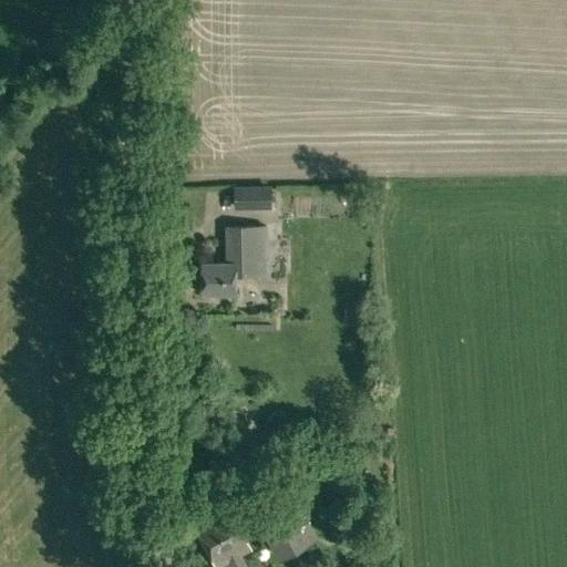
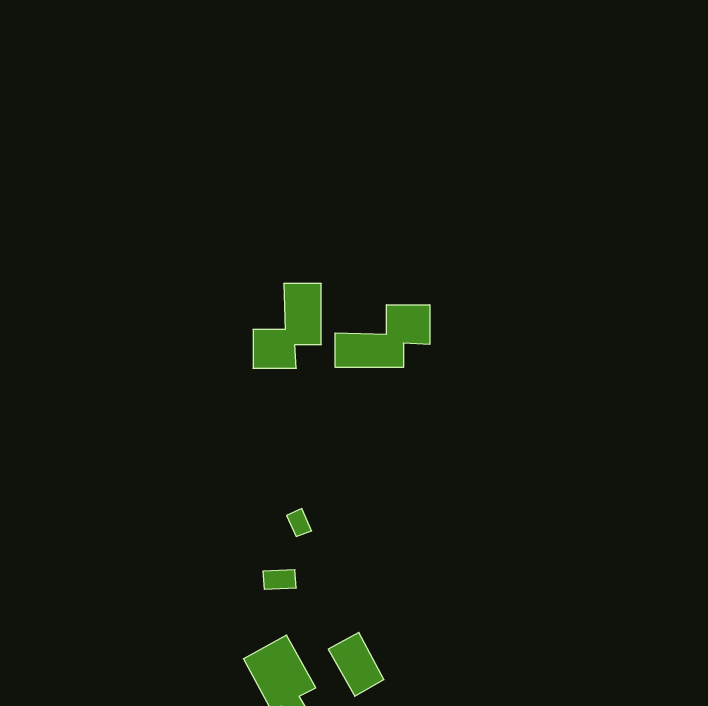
building: [236,188,275,213] -> none
building: none -> [335,305,430,367]

